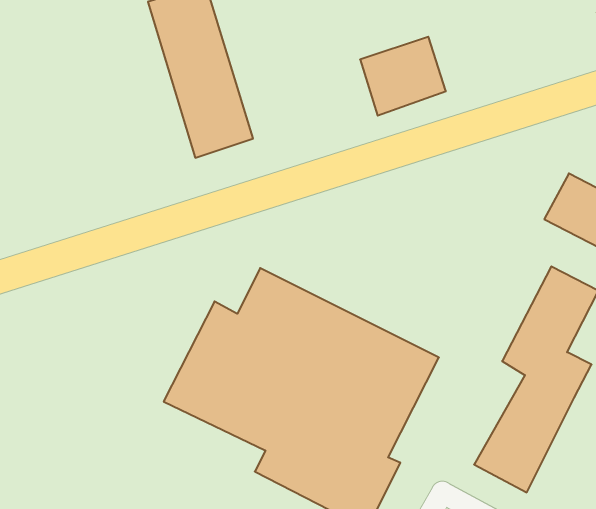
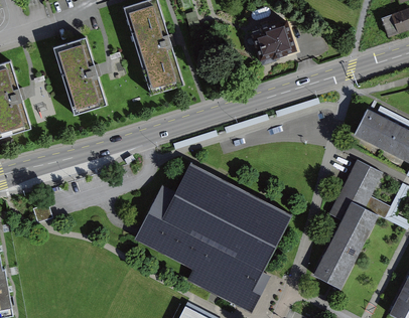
building: none -> [52,39,106,117]

